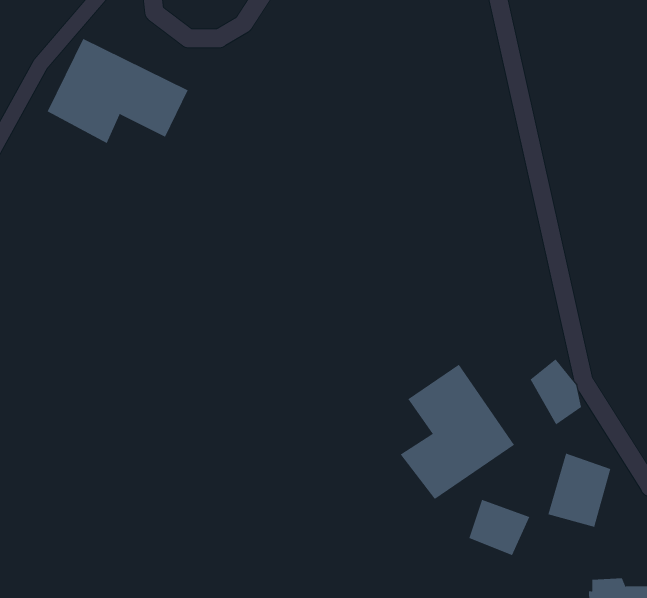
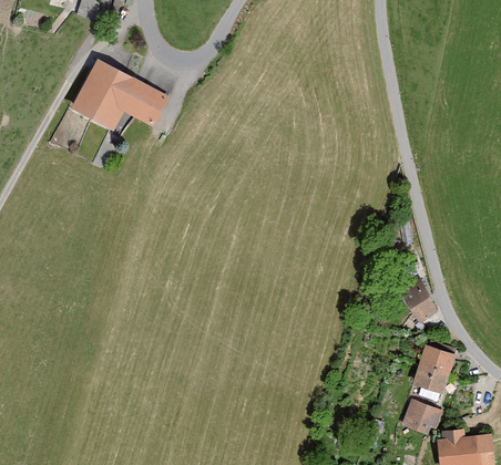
building: [400,364,515,500] -> none
building: [469,499,530,556] -> [401,397,443,436]

